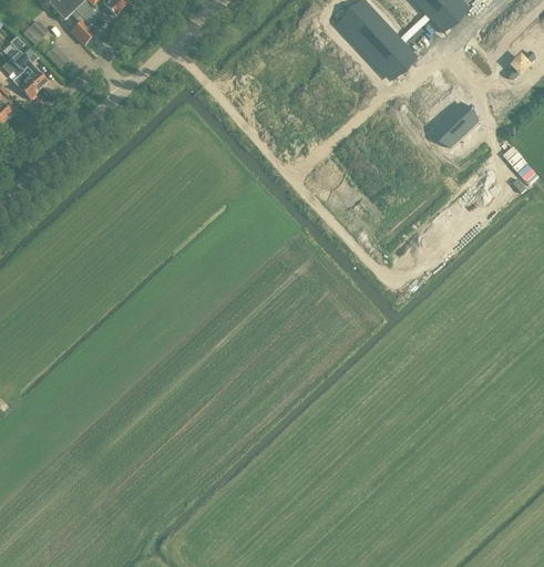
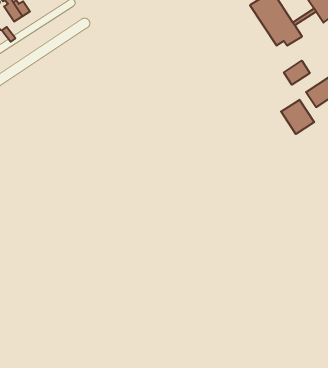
building: none -> [284,61,310,85]
building: none -> [281,100,314,134]

